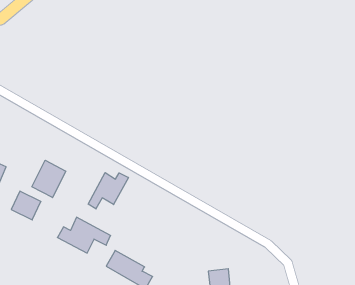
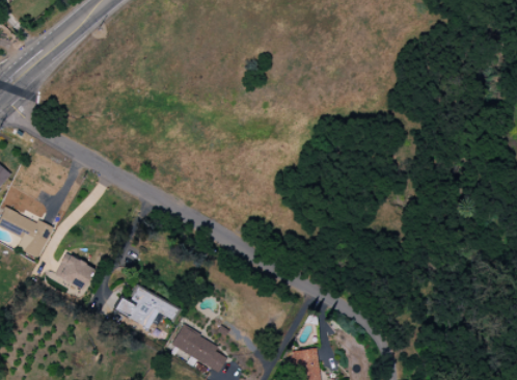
building: [32,160,66,198] -> none
building: [88,173,128,209] -> none

